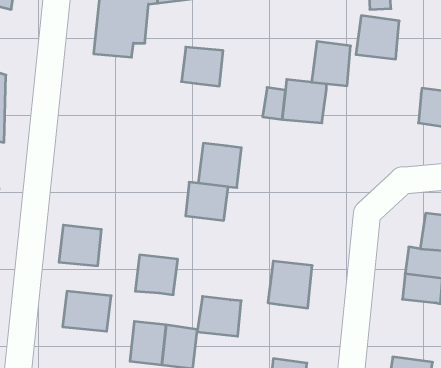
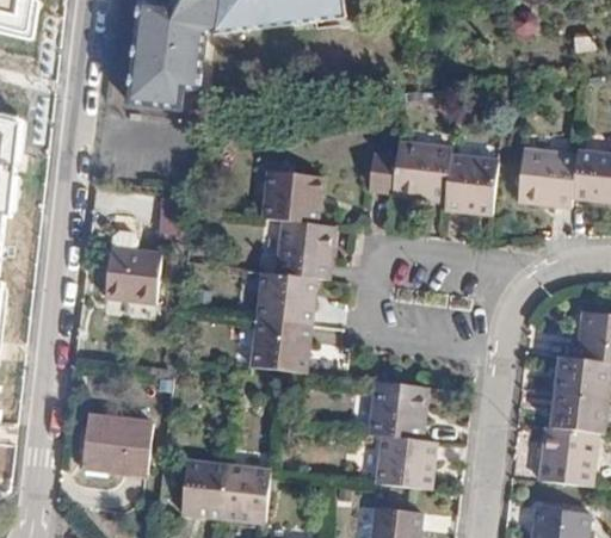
building: [356,16,399,59] -> [516,146,574,204]
building: [312,41,351,86] -> [439,147,492,206]
building: [181,47,223,86] -> [260,171,316,223]
building: [59,225,101,266] -> [107,247,165,302]
building: [135,255,178,295] -> [251,317,308,371]
building: [197,296,241,336] -> [376,437,436,490]
building: none -> [536,428,594,488]

